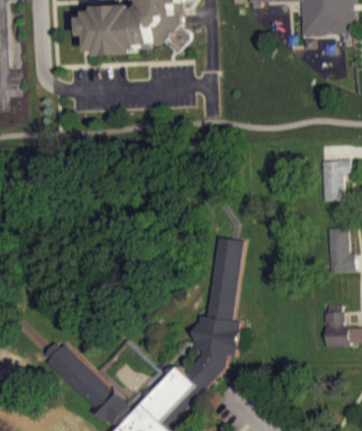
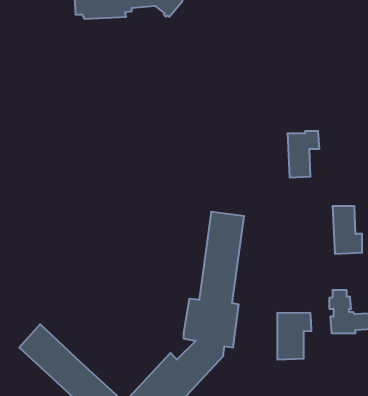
building: [321,159,351,201] -> [287,131,319,177]
building: none -> [277,313,311,360]

